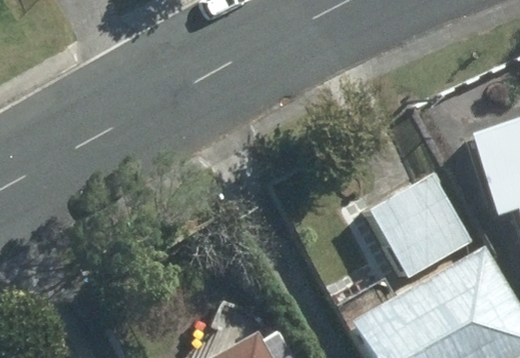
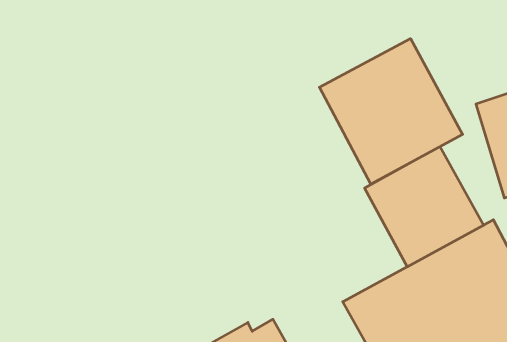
building: none -> [319,39,463,184]

